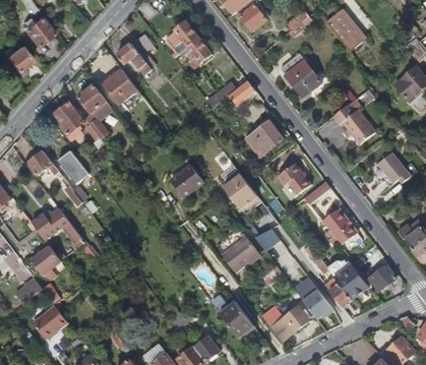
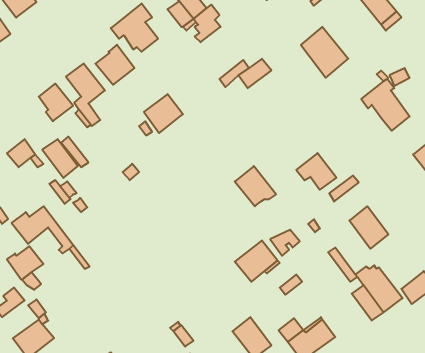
building: [246,121,283,157] -> none
building: [171,166,204,199] -> [144,94,183,133]
building: [294,278,333,319] -> none

